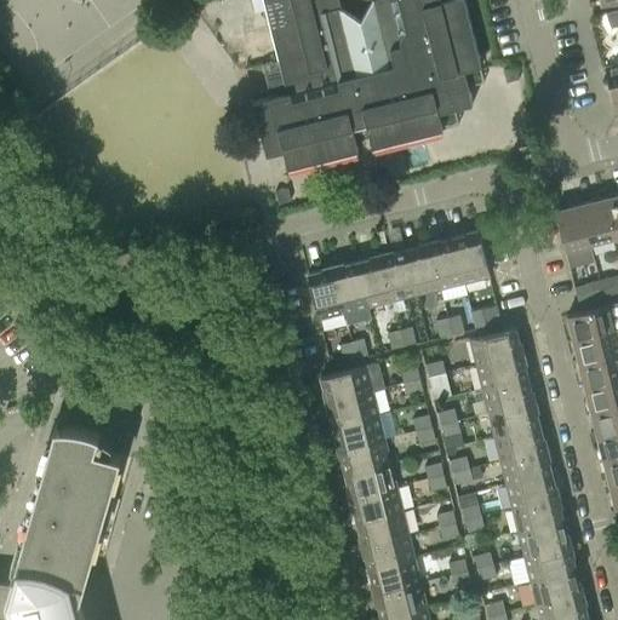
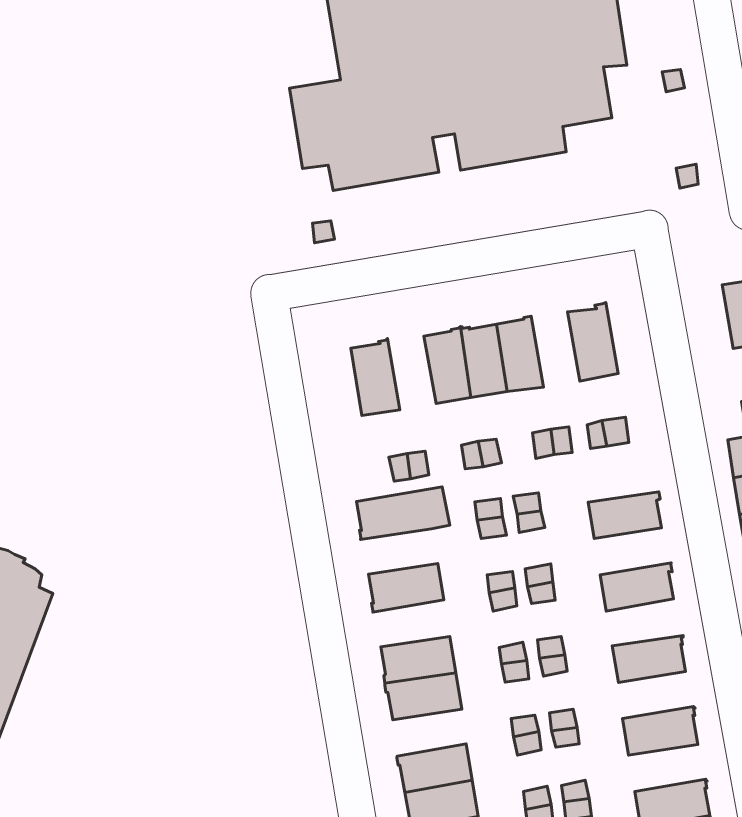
building: [429,239,465,291] -> none
building: [333,263,372,326] -> none
building: [471,329,525,366] -> none
building: [483,379,537,414] -> none
building: [326,392,379,426] -> none
building: [496,426,549,461] -> none
building: [338,440,391,475] -> none
building: [508,475,560,510] -> none
building: [357,512,408,547] -> none
building: [519,523,572,558] -> none

